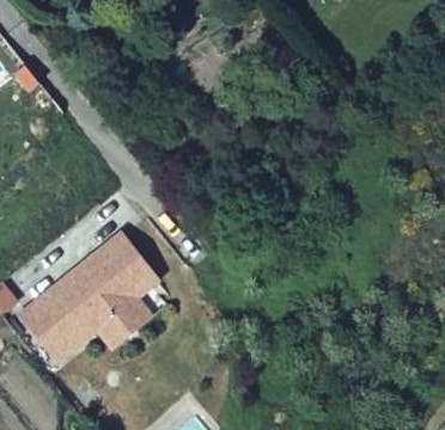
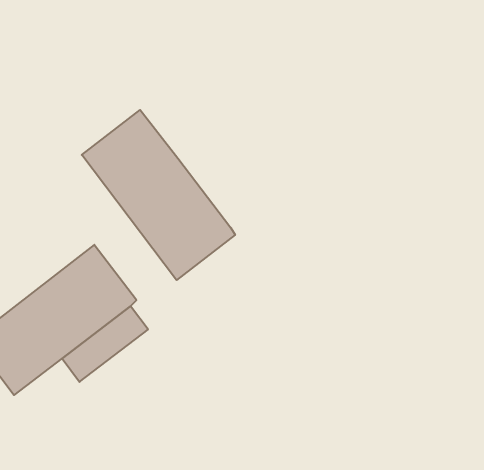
building: none -> [82,110,235,280]

